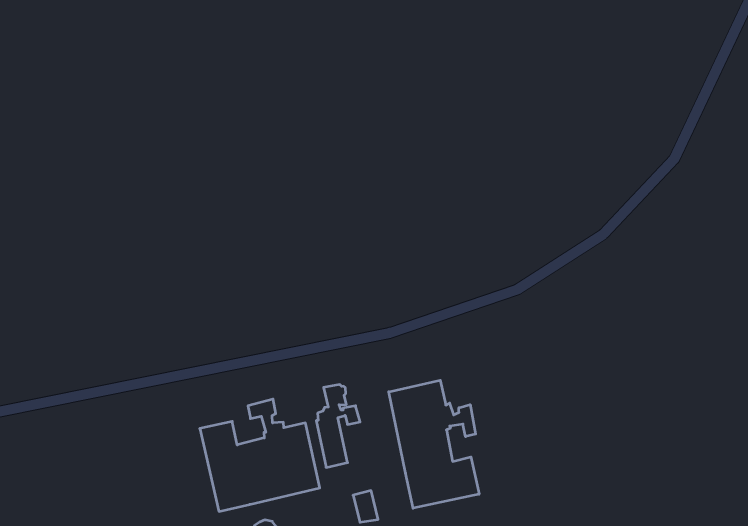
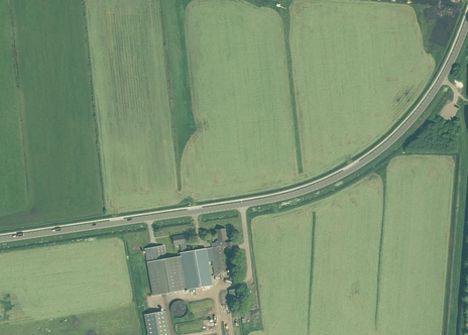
building: [389,380,479,508] -> none

